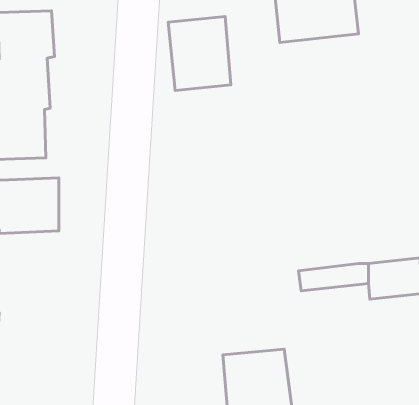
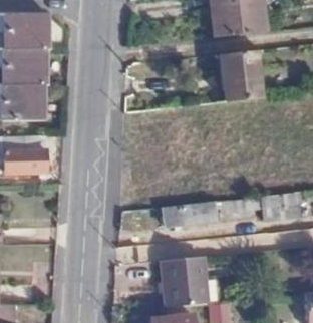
building: [168,16,231,91] -> [211,52,255,104]
building: none -> [165,200,219,225]

